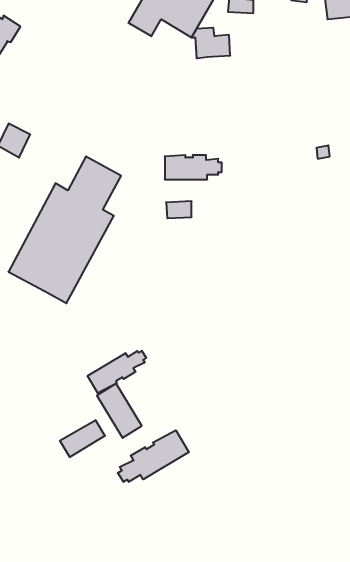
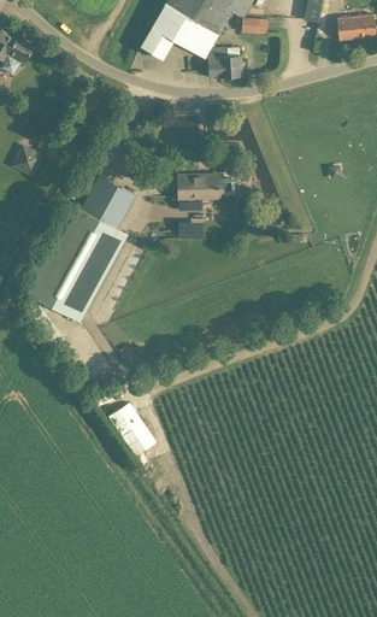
building: [88,351,146,393] -> none
building: [60,420,105,457] -> none
building: [118,430,189,482] -> none

